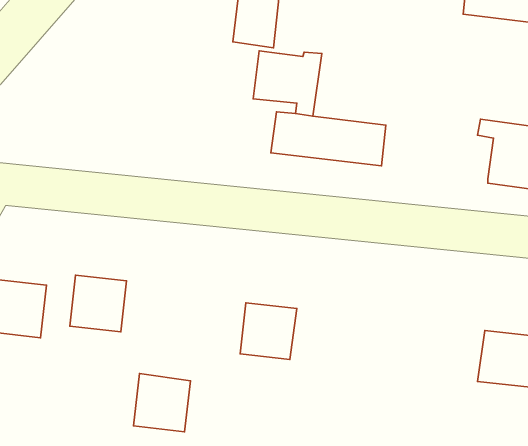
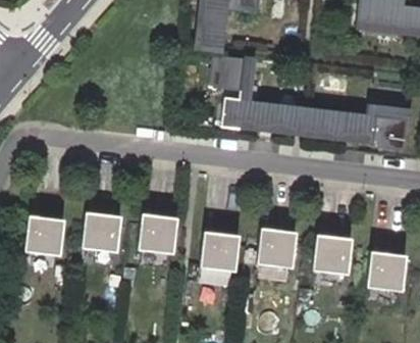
building: none -> [299,106,377,144]
building: none -> [257,227,297,267]
building: none -> [312,234,352,275]
building: [134,374,190,432] -> [138,212,177,253]

